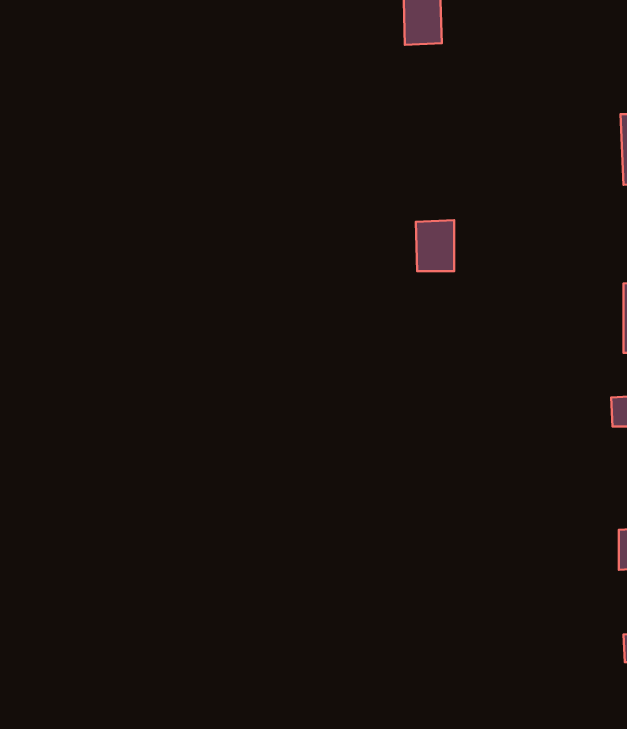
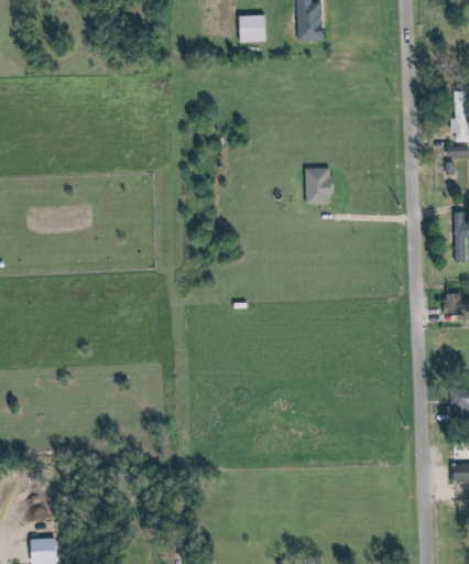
building: none -> [240,15,268,43]

